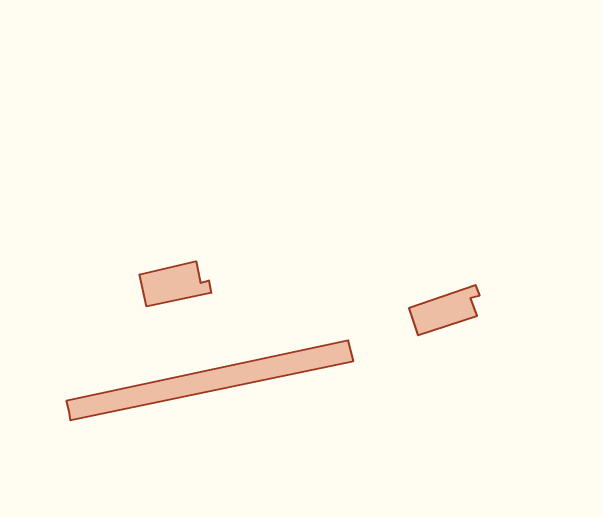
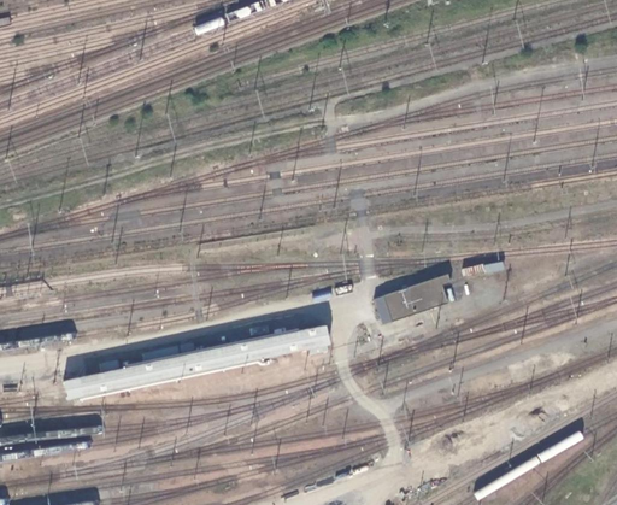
building: [140,261,211,306] -> none

